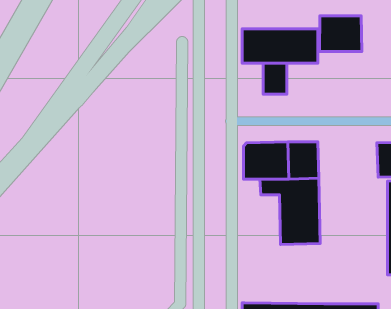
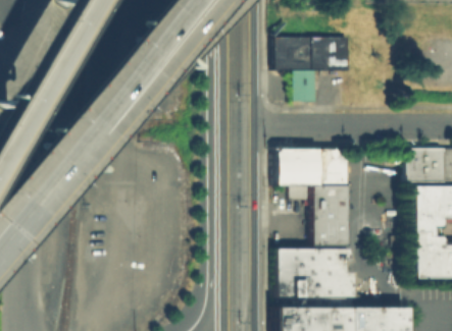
building: [320,16,362,52] -> none
building: none -> [275,247,355,307]

